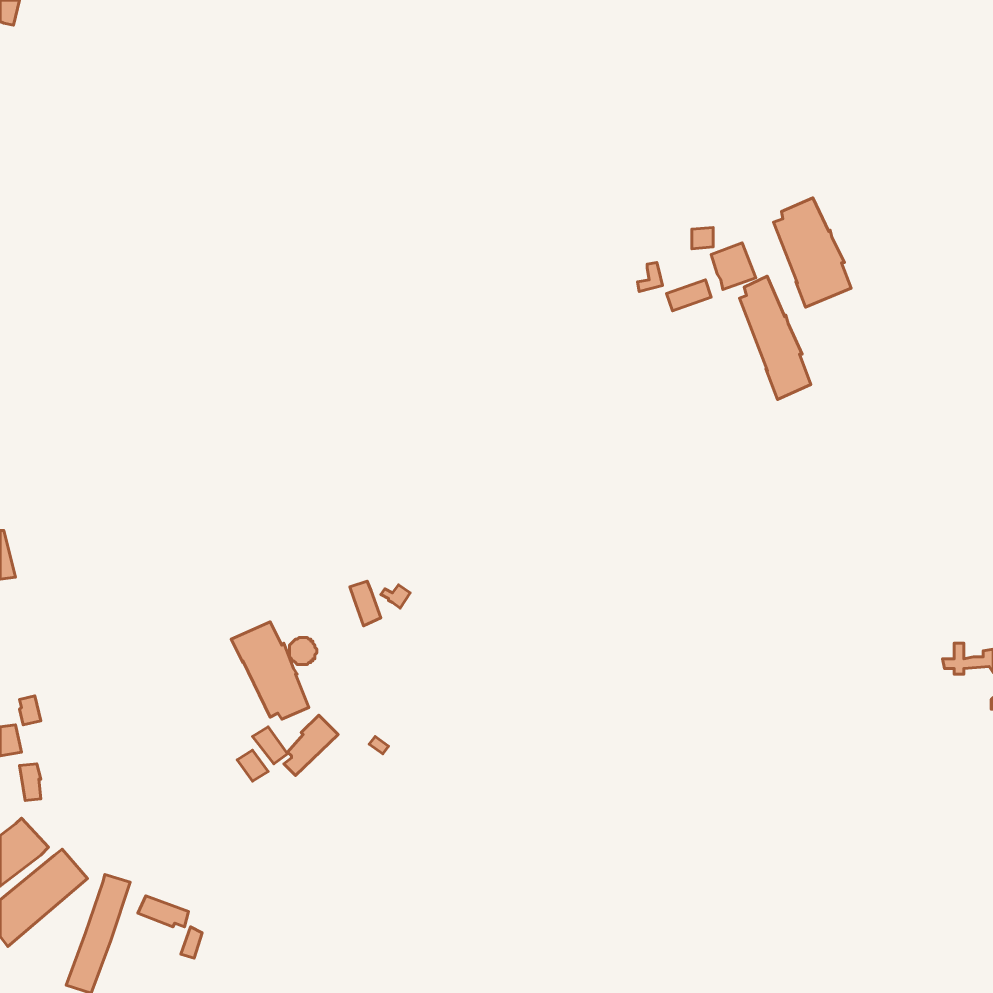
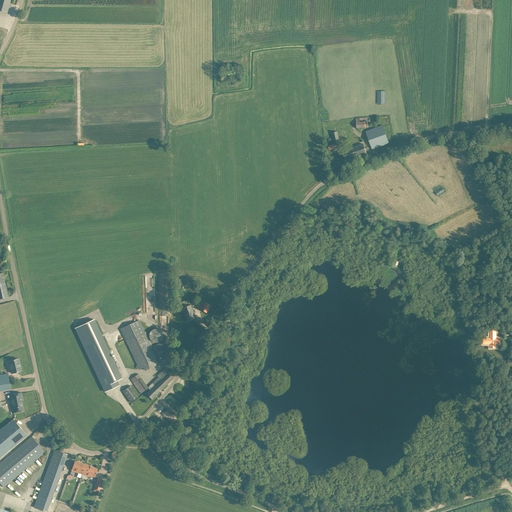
building: [774,198,851,307] -> none
building: [739,276,811,399] -> none
building: none -> [75,319,121,392]

